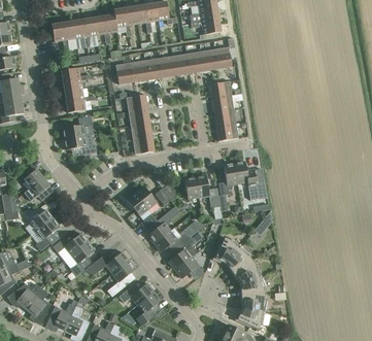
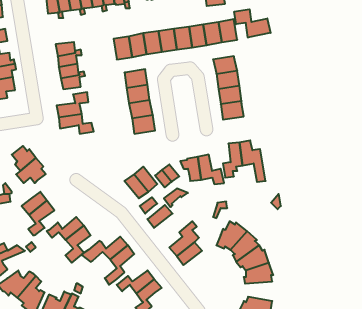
building: none -> [234,9,271,38]
building: [154,230,190,252] -> none
building: [239,294,267,312] -> none

